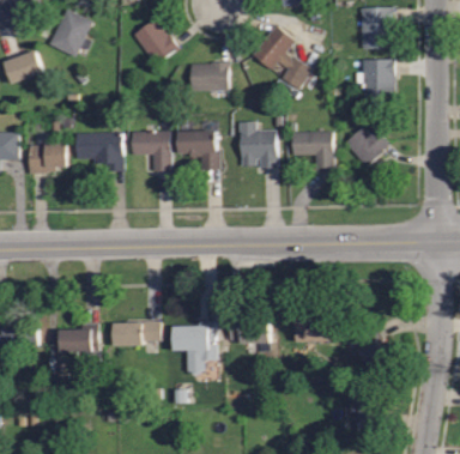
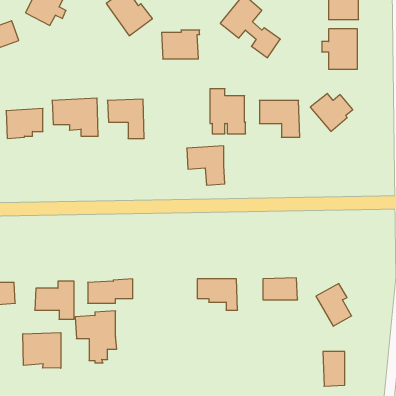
building: [182,129,222,170] -> [187,146,225,185]
building: [171,321,214,375] -> [75,311,117,363]
building: none -> [23,333,61,368]

